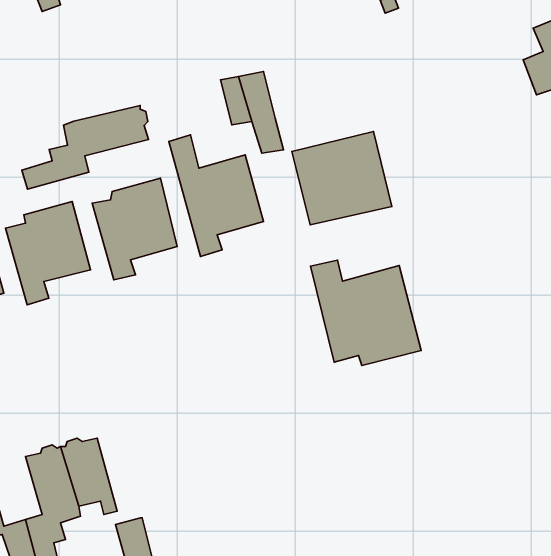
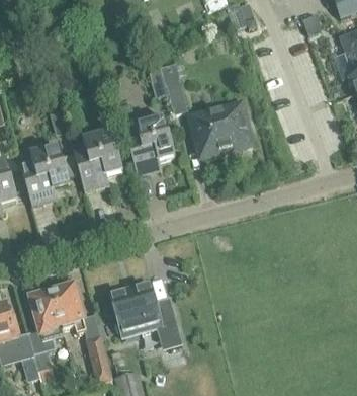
building: [22,105,149,189] -> none
building: [311,260,421,366] -> none
building: none -> [109,281,181,346]

